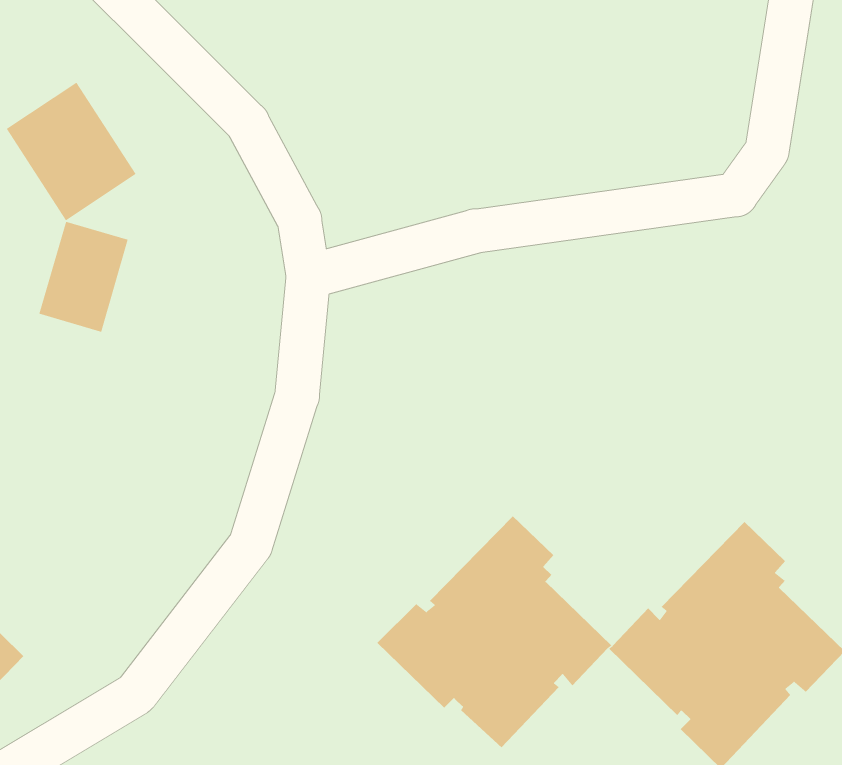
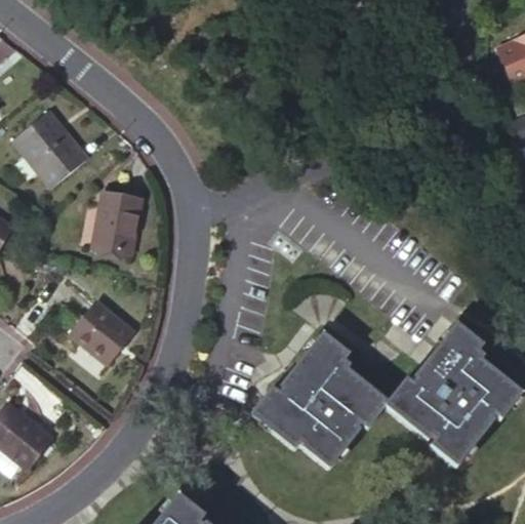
building: [39,221,128,332] -> [94,192,142,253]
building: none -> [69,300,135,366]

